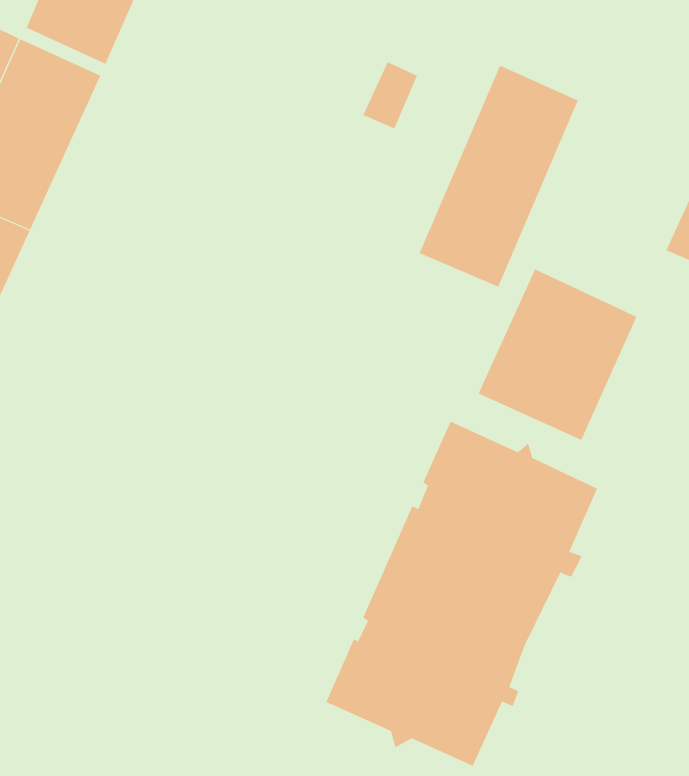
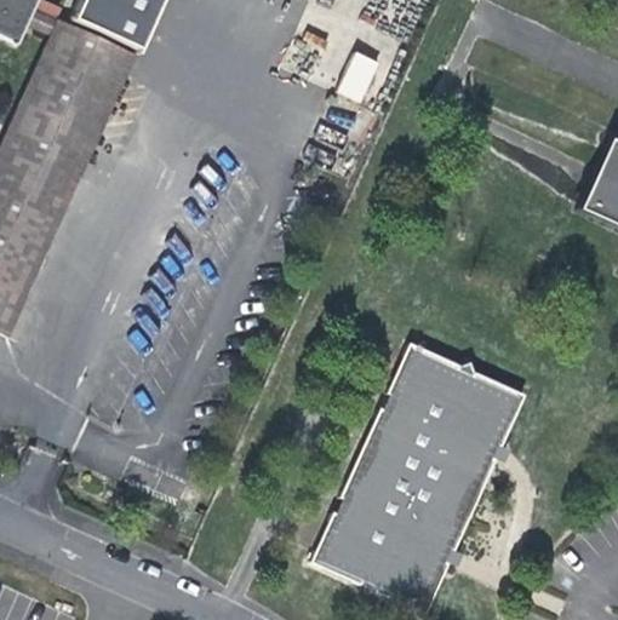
building: [419,65,578,288] -> none
building: [478,269,637,441] -> none

